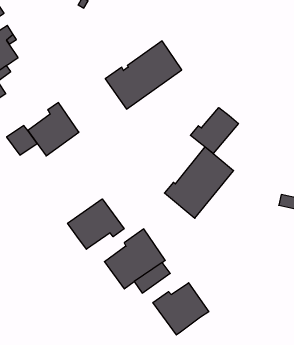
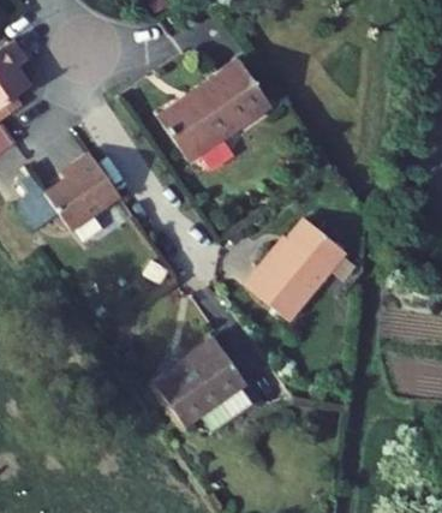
building: [190,108,238,154] -> none
building: [68,199,124,249] -> none
building: [153,283,209,335] -> none

